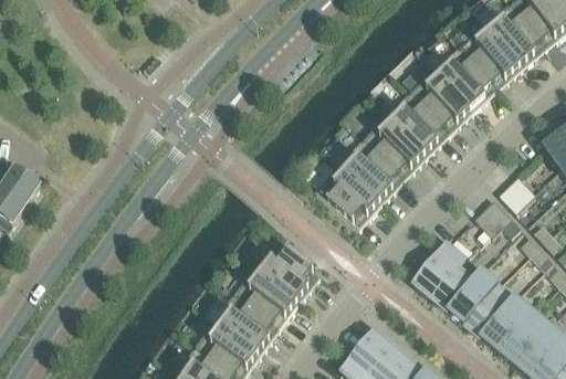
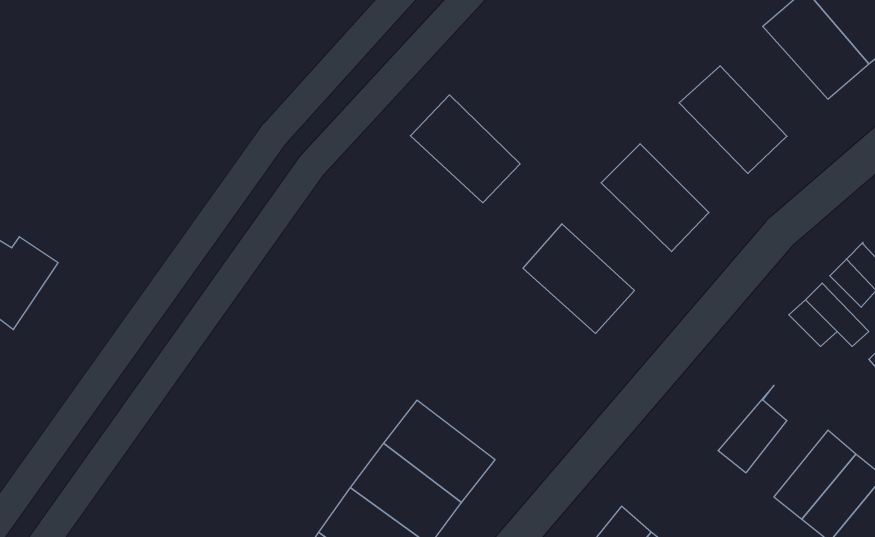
building: [433,46,497,112] -> none
building: [386,92,450,157] -> none
building: [339,139,405,203] -> [410,95,520,203]
building: [253,241,321,304] -> none
building: [415,244,465,298] -> none
building: [449,273,497,326] -> none

